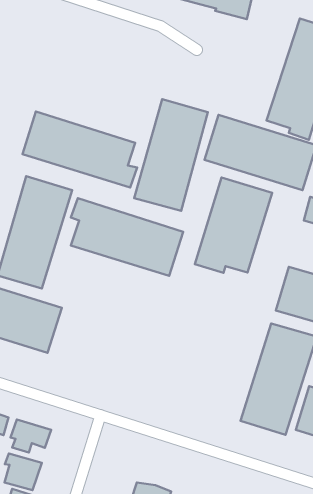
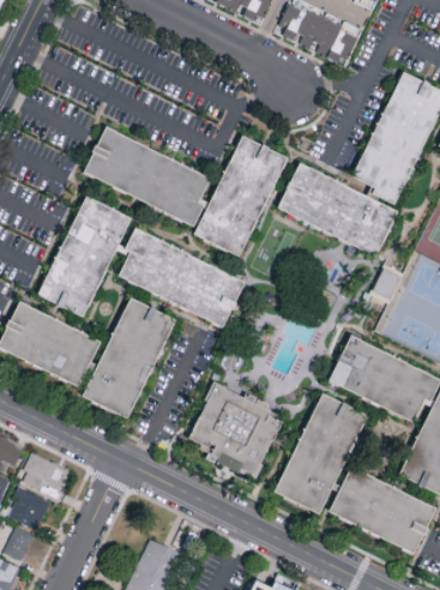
building: [195,178,272,273] -> none
building: none -> [80,299,175,421]
building: none -> [185,383,289,476]

